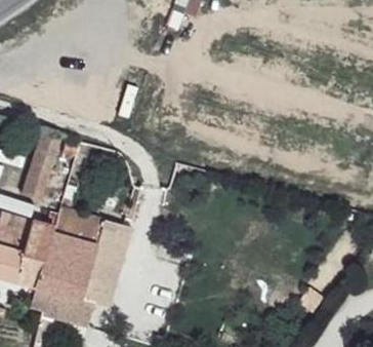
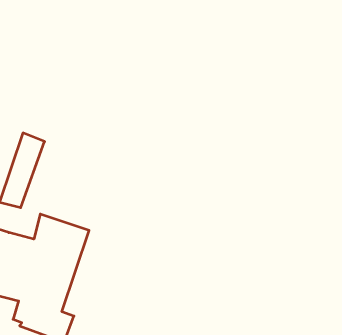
building: [80,222,131,308] -> none

